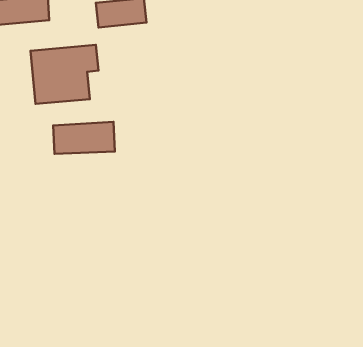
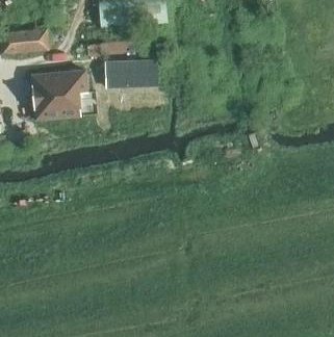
building: [53,122,115,154] -> [106,59,158,86]

